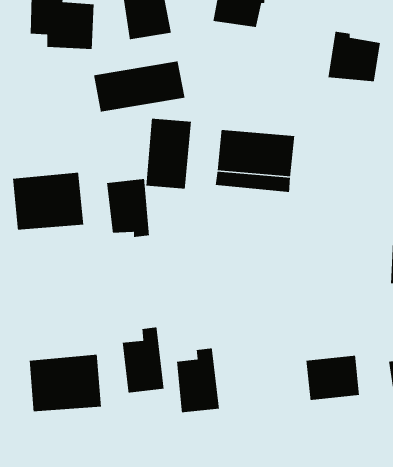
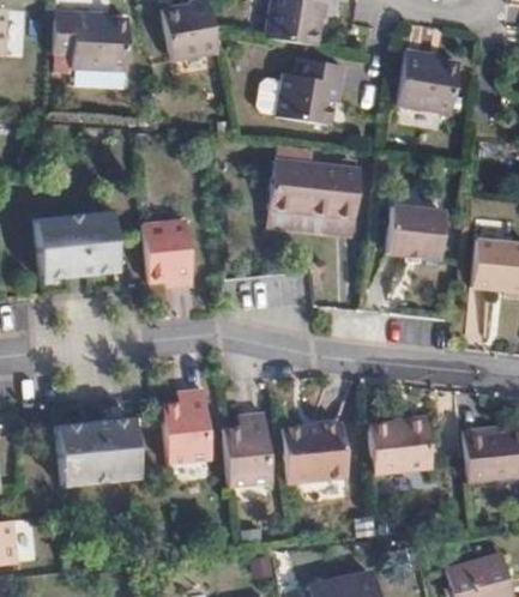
building: none -> [278,60,345,126]
building: [93,60,185,113] -> none
building: [145,118,192,190] -> none
building: none -> [386,204,445,257]
building: none -> [284,423,348,482]

